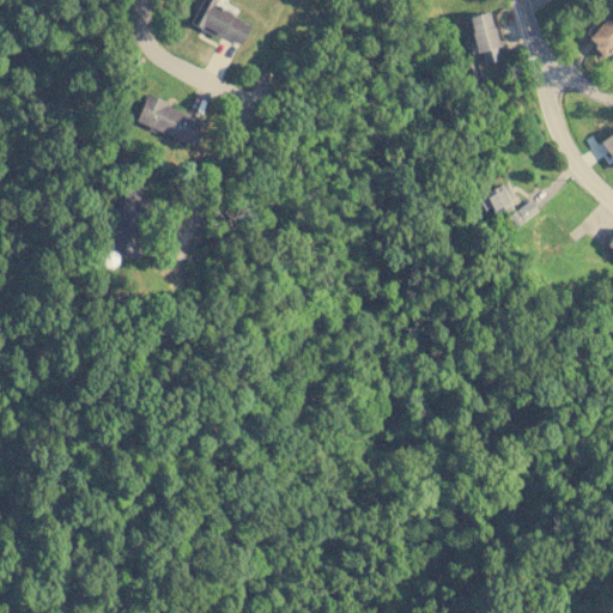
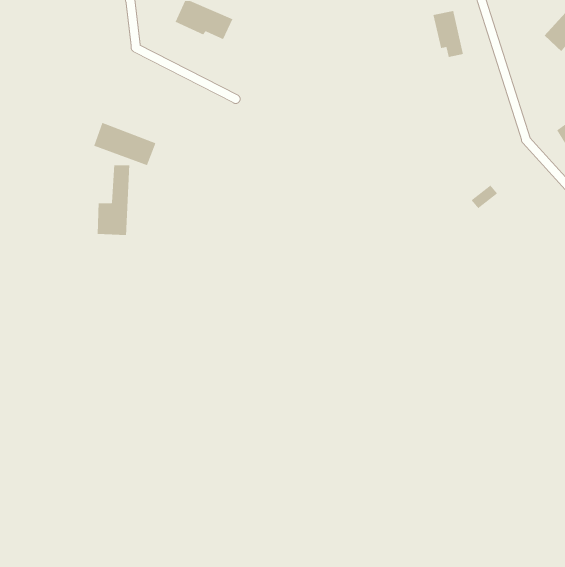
building: [138,97,206,145] -> [93,122,156,166]
building: [479,183,517,214] -> none

